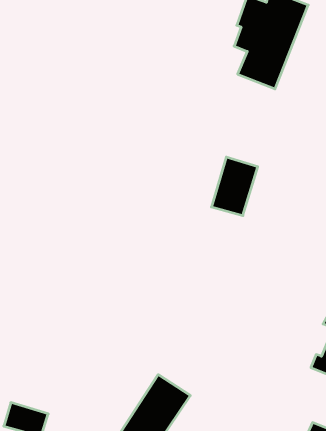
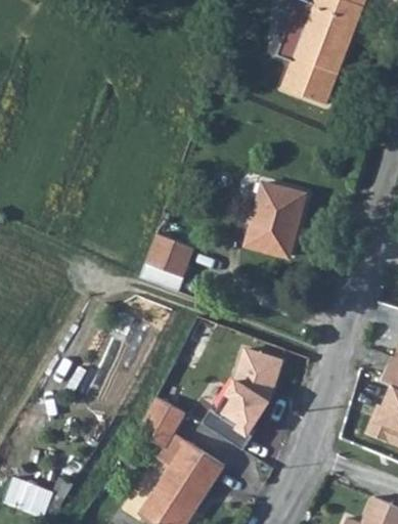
building: none -> [147,232,197,275]
building: none -> [204,348,284,446]
building: none -> [137,397,186,448]

